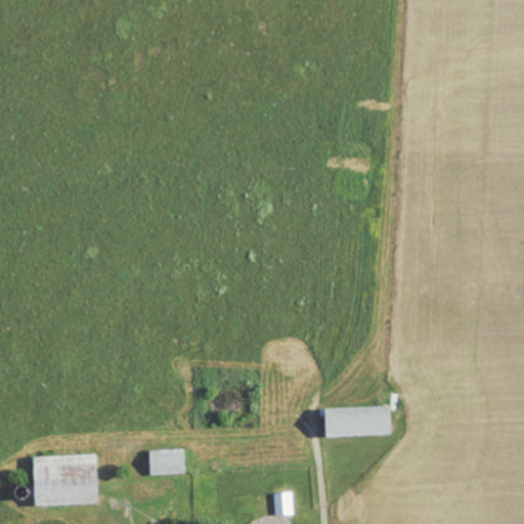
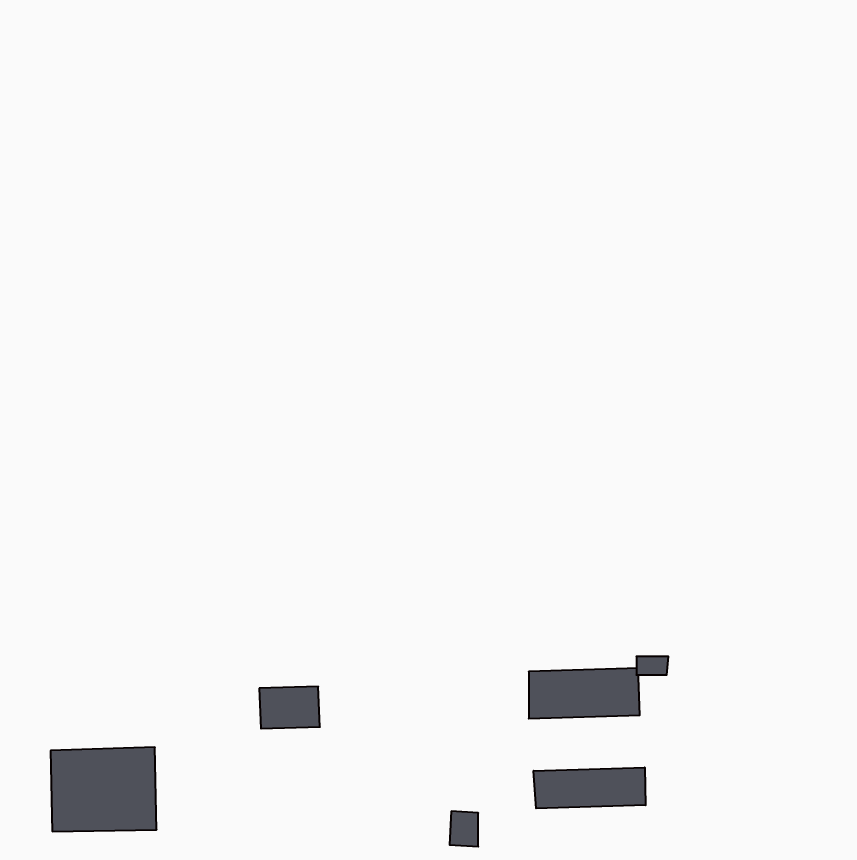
building: [149,449,186,475] -> [259,687,320,729]
building: none -> [534,767,646,808]

